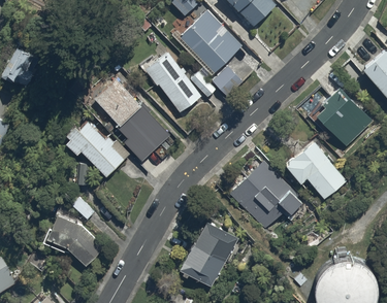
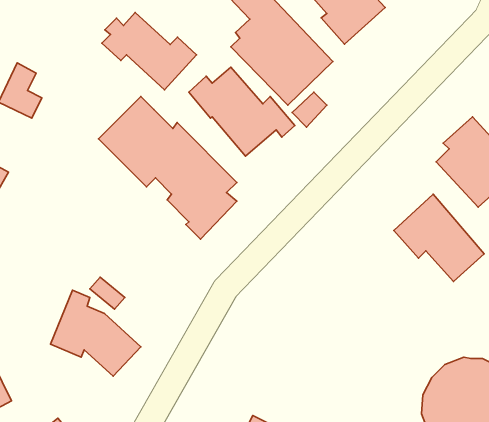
building: [64,122,131,176] -> [102,12,196,90]
building: [227,159,305,232] -> none
building: [179,220,240,289] -> none

